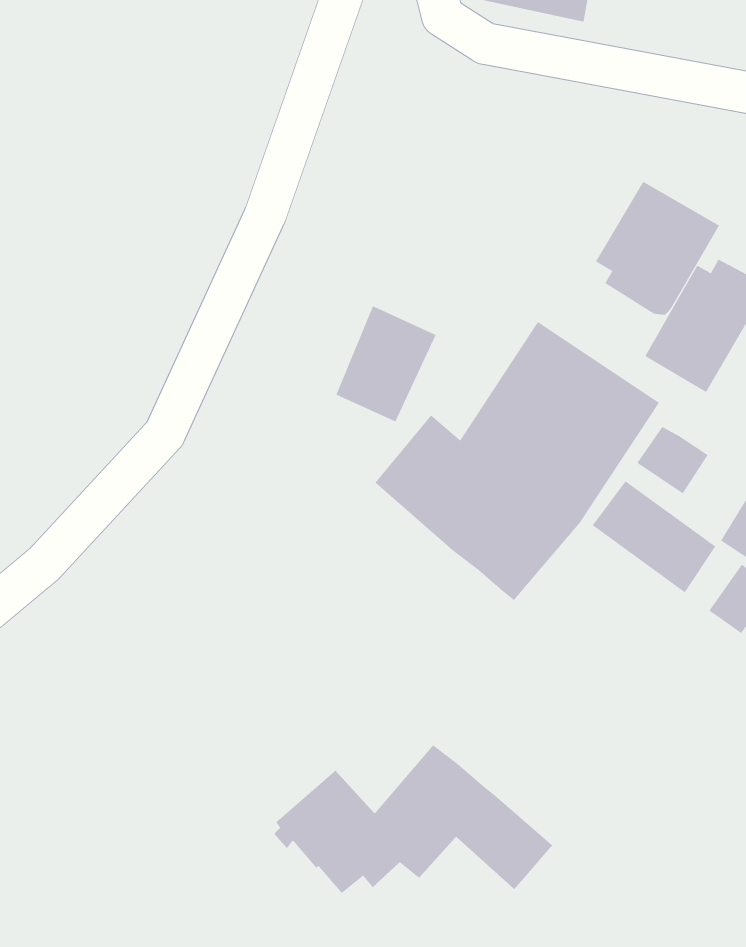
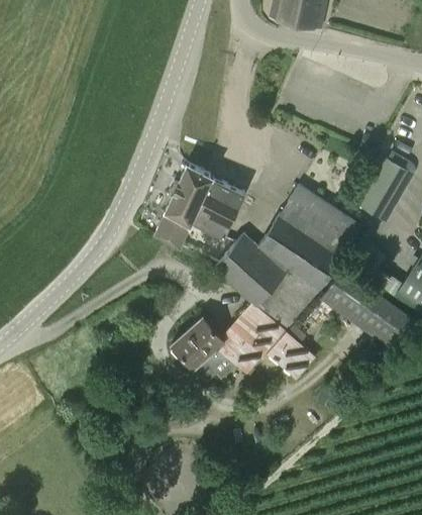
building: [595,181,720,315] -> none
building: none -> [153,164,212,246]
building: [273,744,553,894] -> [170,304,315,382]

